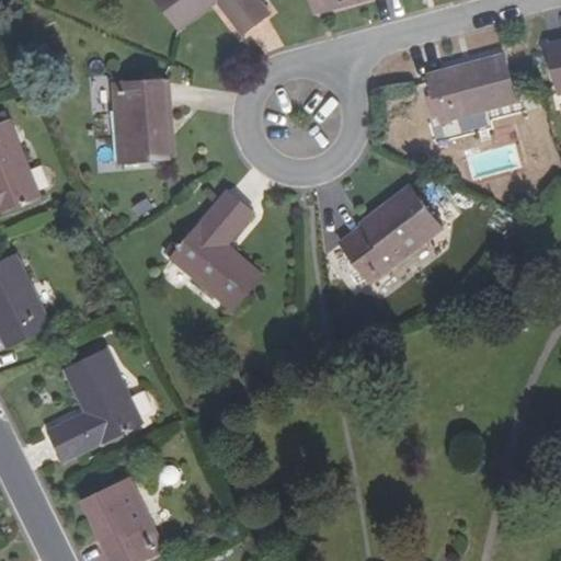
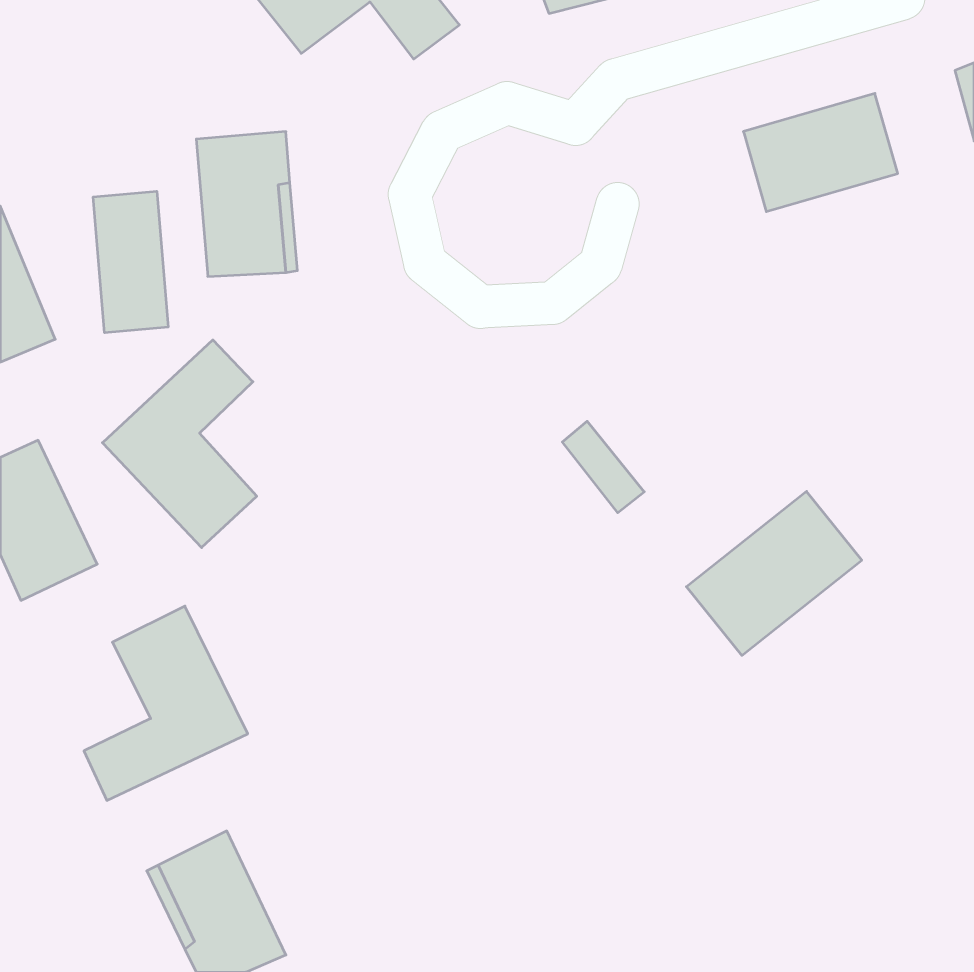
building: none -> [93,191,168,333]
building: [343,185,444,279] -> [686,491,862,655]
building: [163,193,252,312] -> [102,340,257,548]

